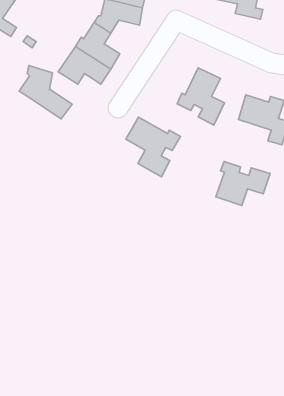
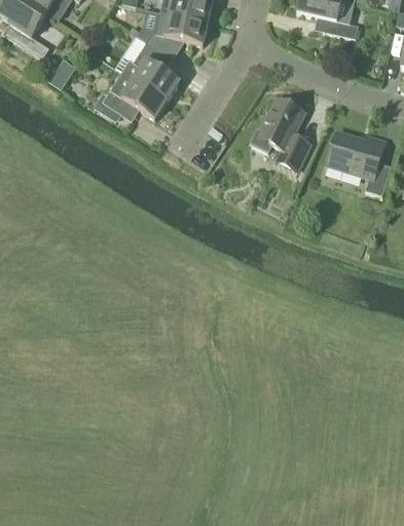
building: [19,65,72,119] -> none
building: [126,117,180,177] -> none
building: [216,161,270,205] -> none

